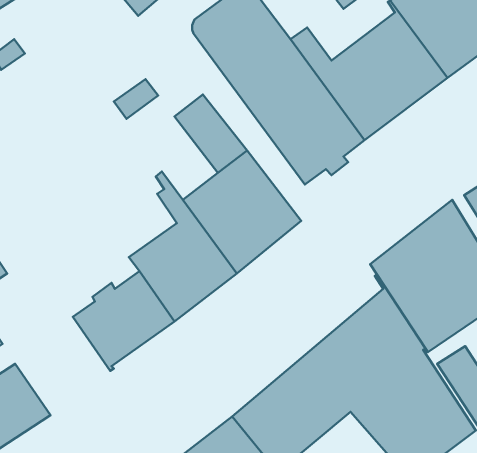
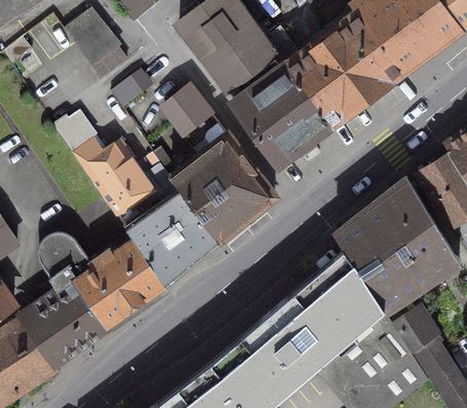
building: none -> [64,9,117,66]
building: none -> [56,111,154,215]
building: none -> [34,232,108,358]

